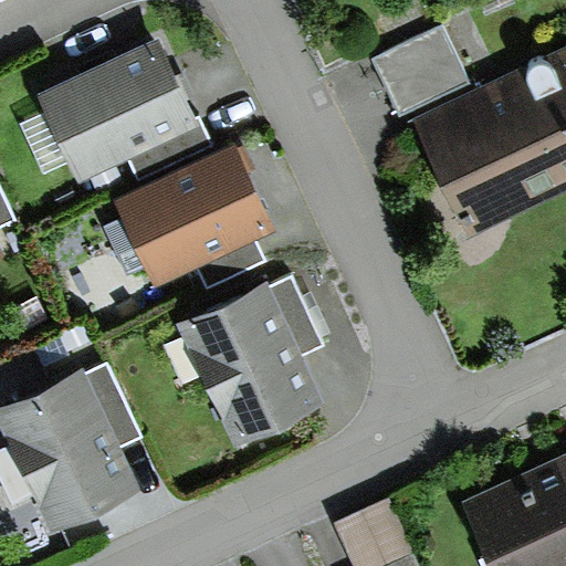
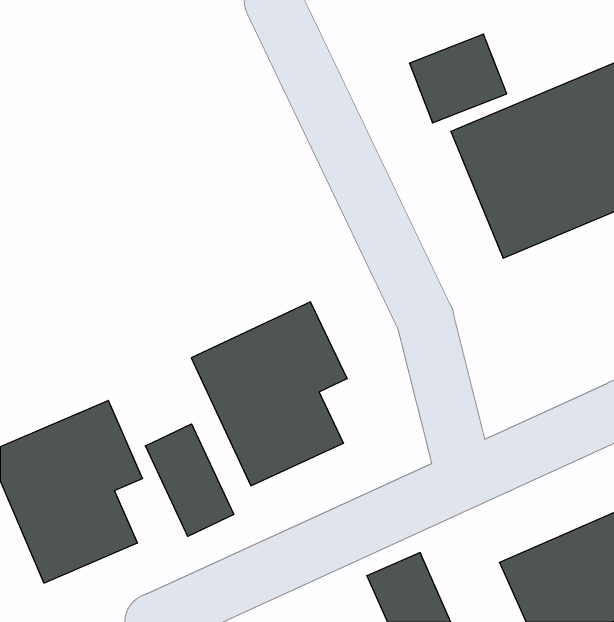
building: [39,40,195,178] -> none
building: [115,146,269,280] -> none
building: none -> [145,424,234,536]

